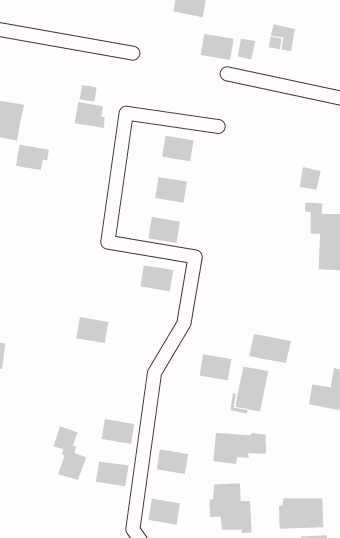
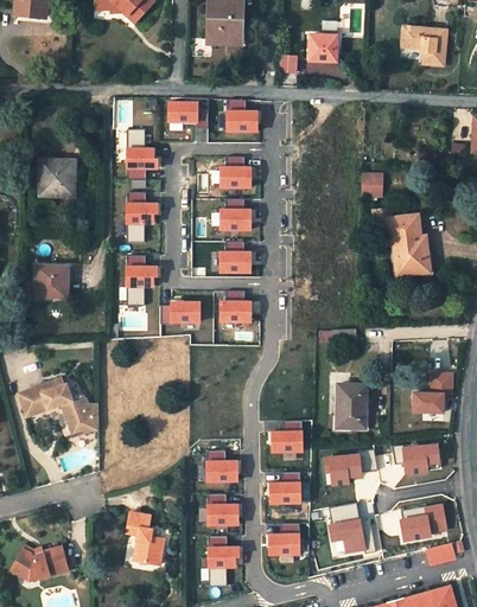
building: [200,33,234,60] -> [227,109,259,132]
building: none -> [167,101,199,123]
building: [15,144,50,171] -> [127,203,159,225]
building: none -> [127,264,159,287]
building: [76,317,109,343] -> [170,300,201,322]
building: [248,333,292,364] -> none
building: [199,354,232,381] -> [269,430,300,453]
building: [52,425,87,480] -> [126,510,163,562]
building: none -> [392,443,438,475]
building: none -> [210,547,242,569]

